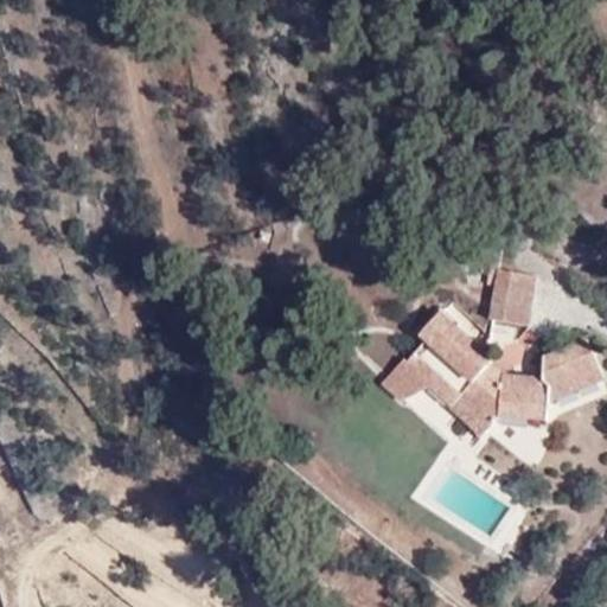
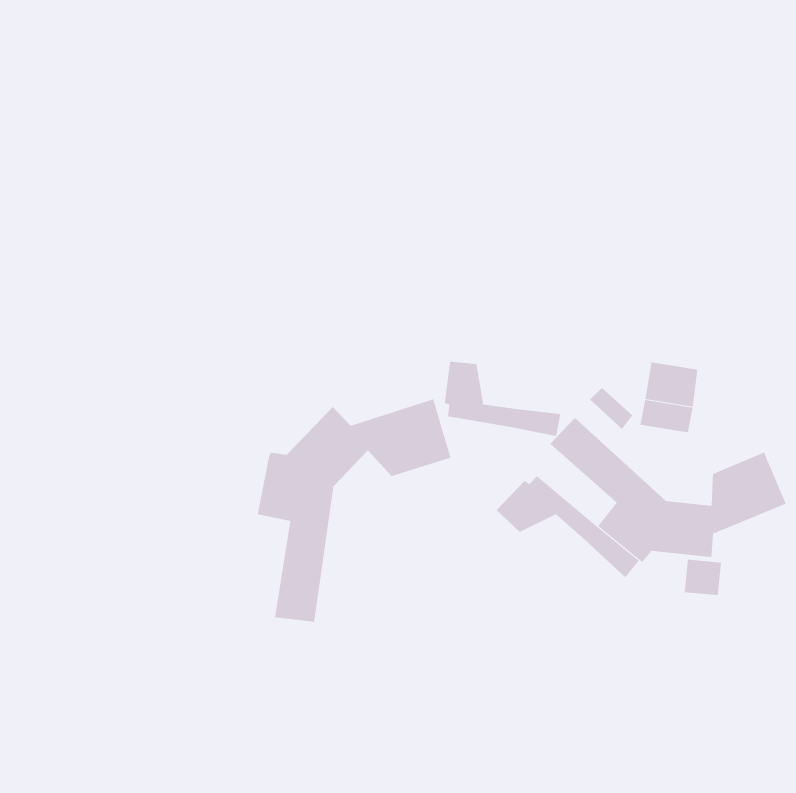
building: none -> [444,361,561,437]
building: none -> [257,399,451,622]

